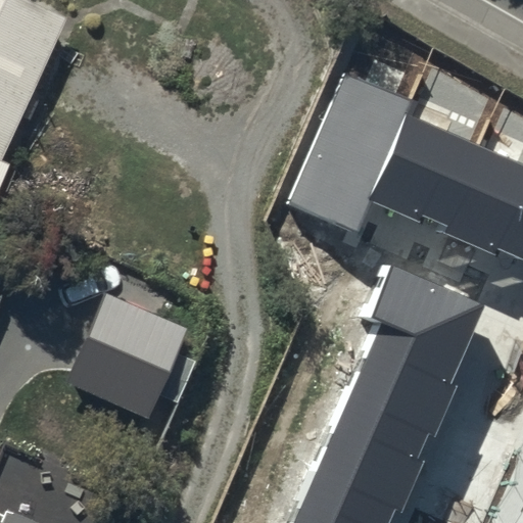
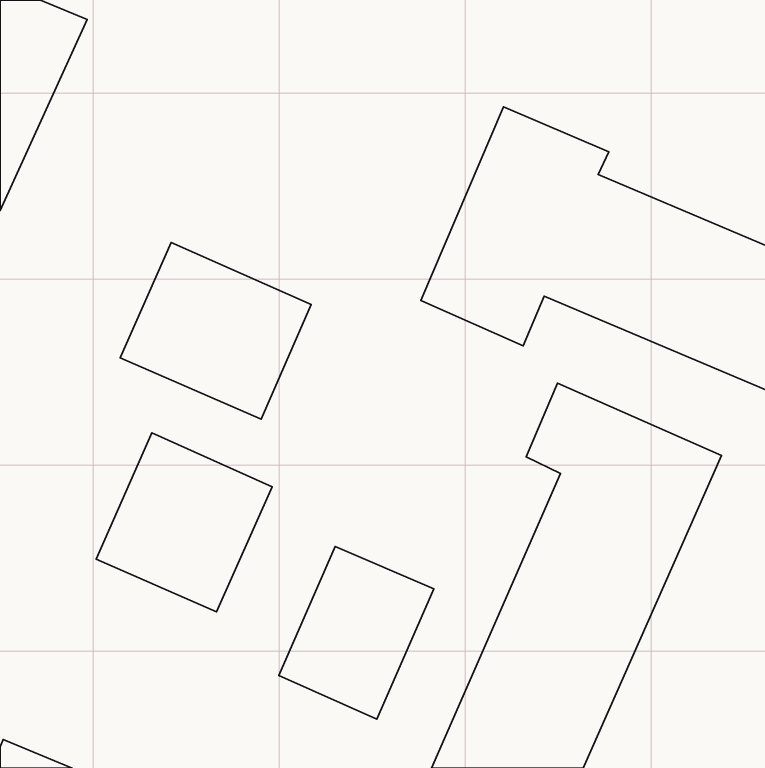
building: none -> [120,242,311,419]
building: none -> [279,547,434,719]

